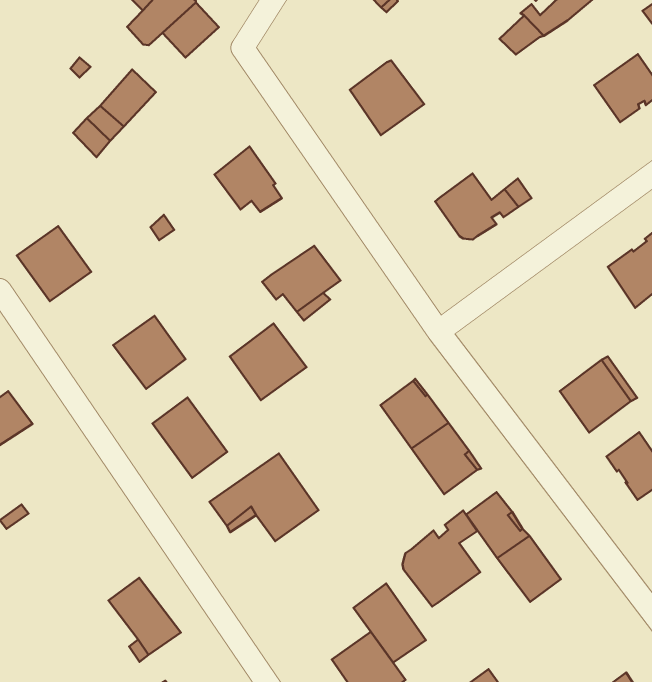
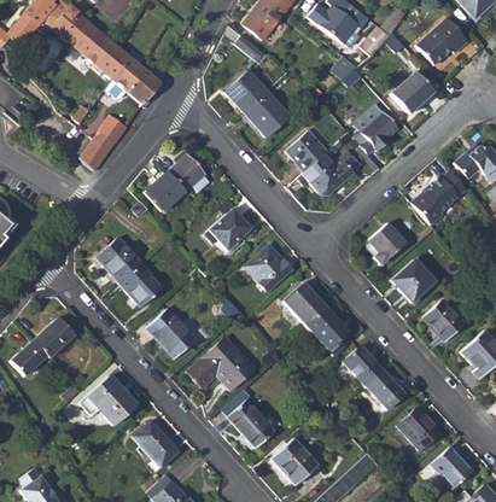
building: none -> [224,72,264,112]
building: none -> [352,105,397,154]
building: none -> [286,130,328,171]
building: none -> [145,173,185,210]
building: [17,226,91,301] -> [95,237,141,282]
building: none -> [367,223,405,264]
building: [230,324,307,400] -> [245,244,292,291]
building: none -> [80,376,136,425]
building: [402,511,480,606] -> none
building: [353,584,426,662] -> [228,399,274,446]
building: none -> [397,408,436,449]

